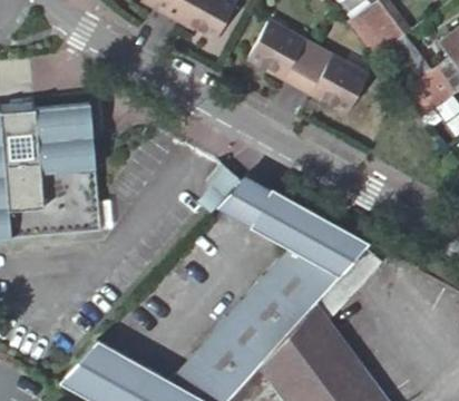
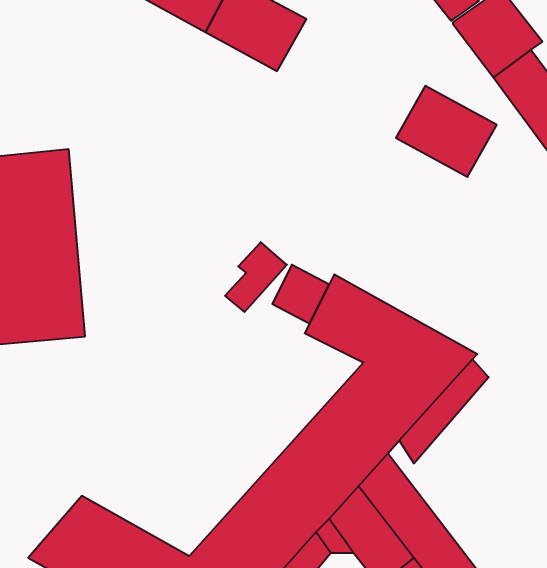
building: [263,32,332,96] -> none

